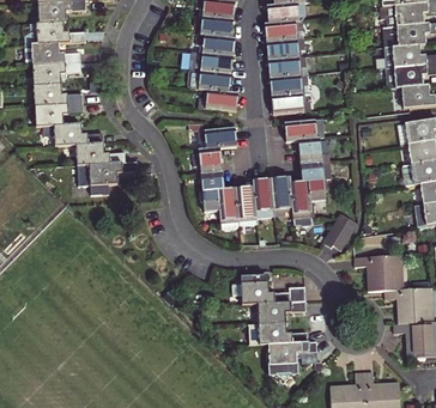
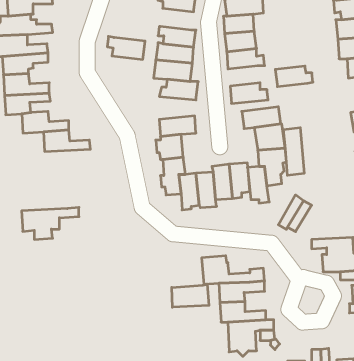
building: [193,14,232,38] -> [107,36,145,59]
building: [268,75,308,97] -> [275,66,313,87]
building: none -> [284,128,304,175]
building: [77,162,137,195] -> [22,207,79,239]
building: none -> [172,284,209,307]

